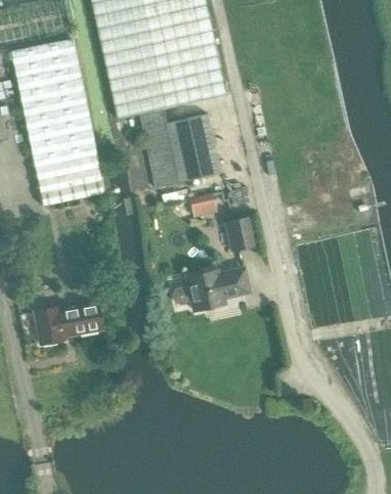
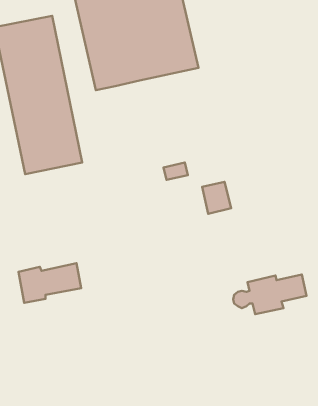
building: [138,107,220,187] -> none
building: [171,268,249,310] -> [233,274,307,314]

